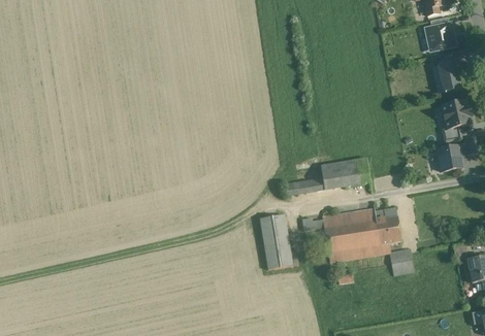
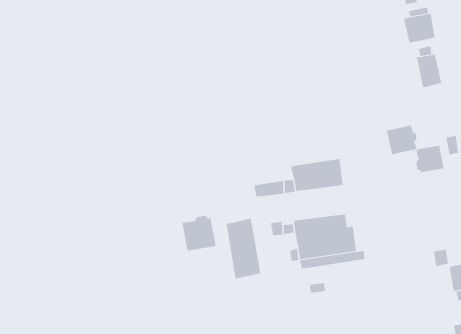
building: [442,100,471,128] -> [386,125,417,155]
building: [371,207,402,244] -> none
building: none -> [182,215,216,251]
building: [390,248,415,274] -> none

